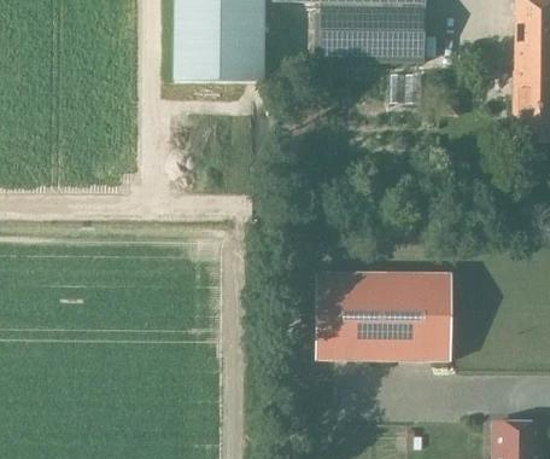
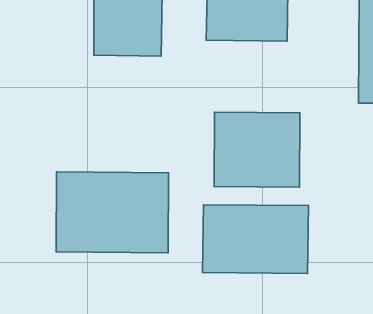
building: none -> [214,112,300,187]
building: none -> [56,172,168,253]

